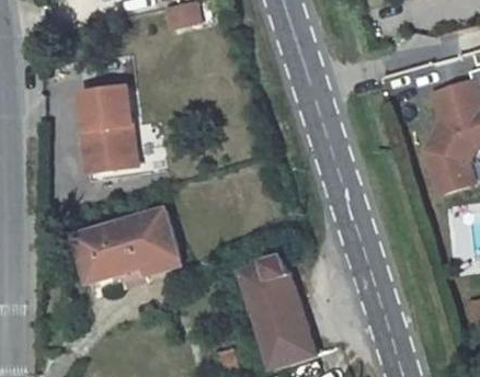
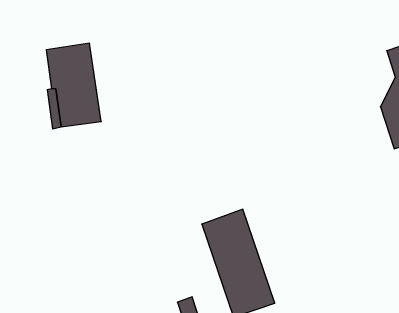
building: [75,207,179,286] -> none

